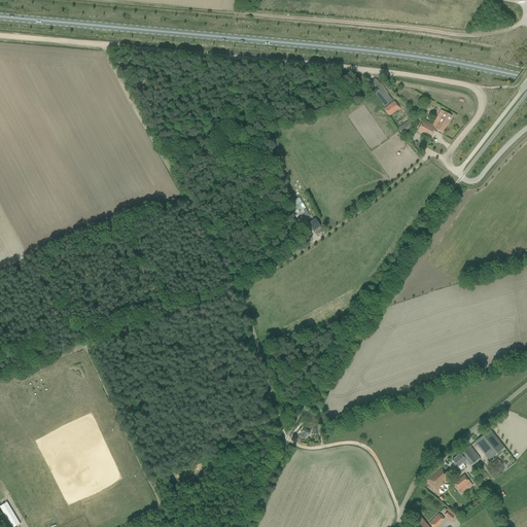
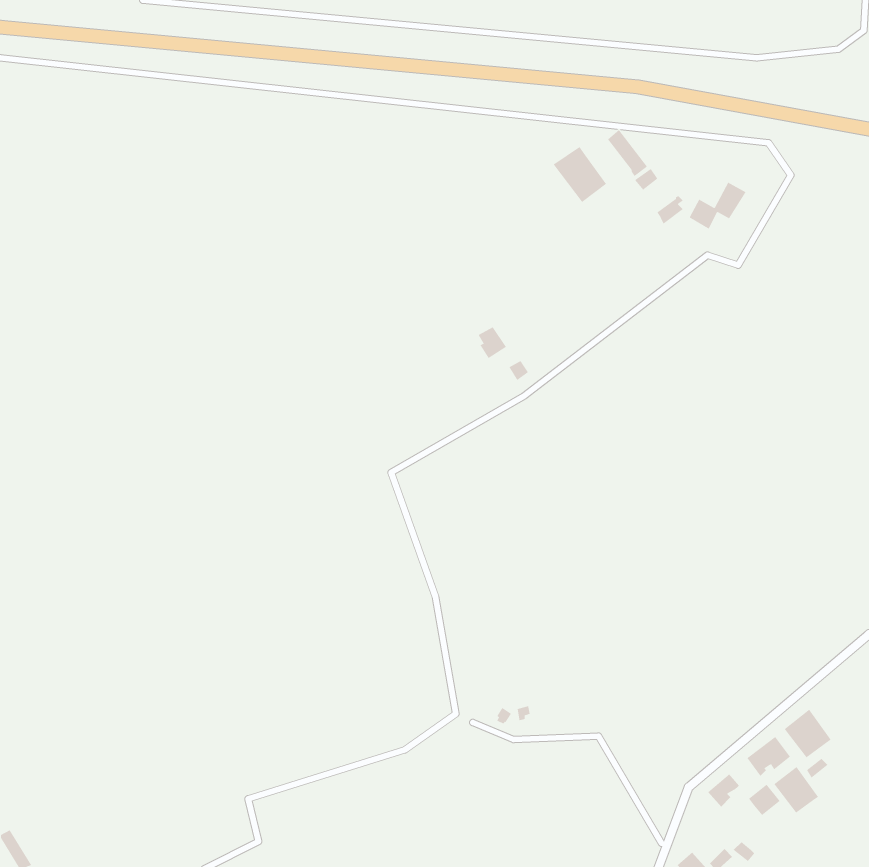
building: none -> [553,146,607,203]
building: none -> [773,766,819,813]

